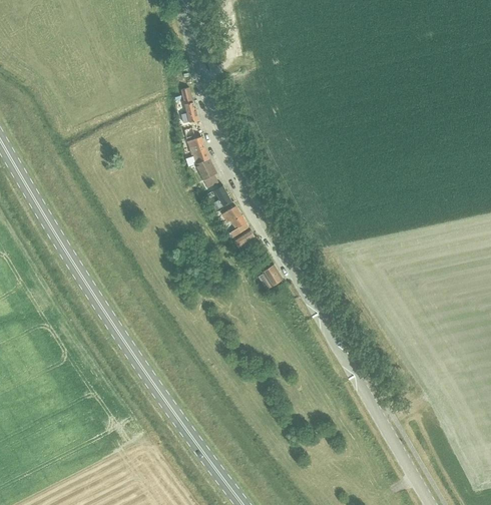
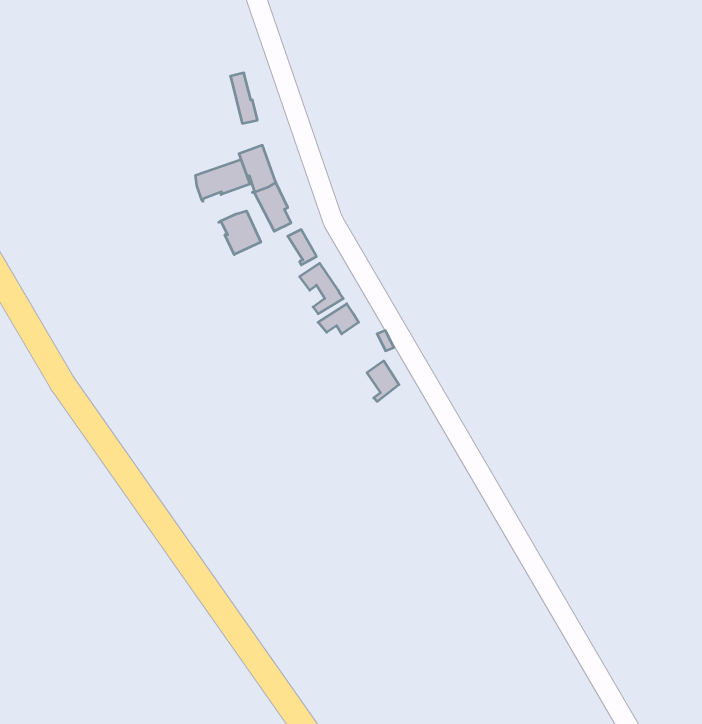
building: none -> [196,159,250,201]
building: none -> [219,211,261,255]

